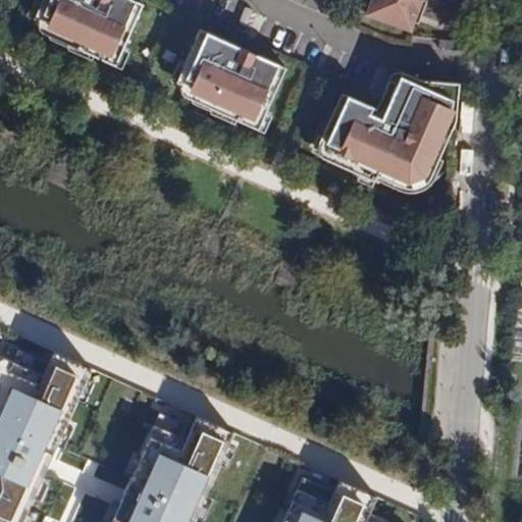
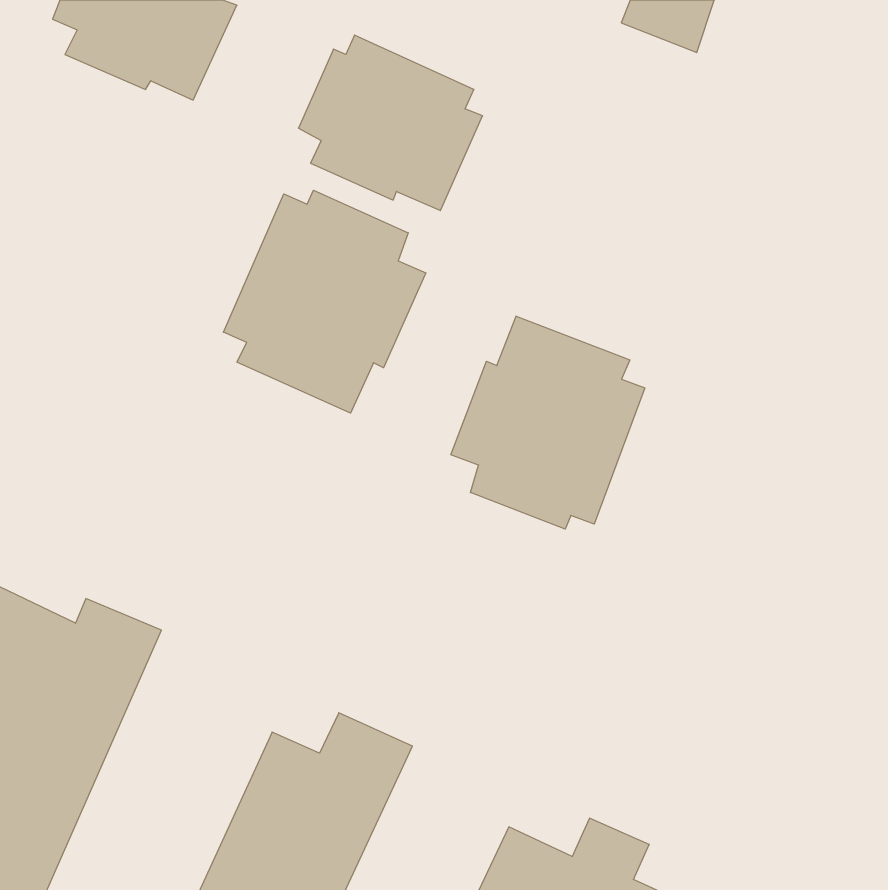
building: [313,75,454,196] -> none
building: none -> [223,190,426,413]
building: none -> [451,316,645,529]

